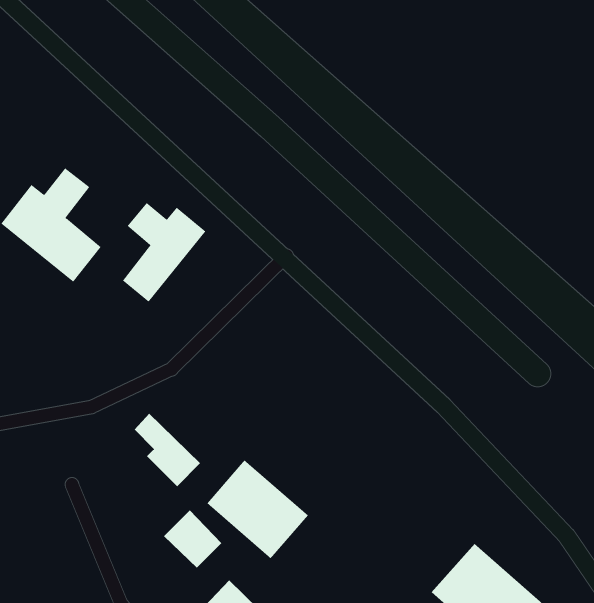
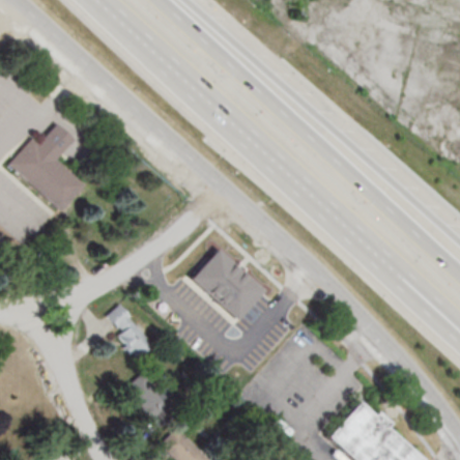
building: [122,202,206,303] -> none
building: [206,460,309,559] -> [190,249,265,322]

